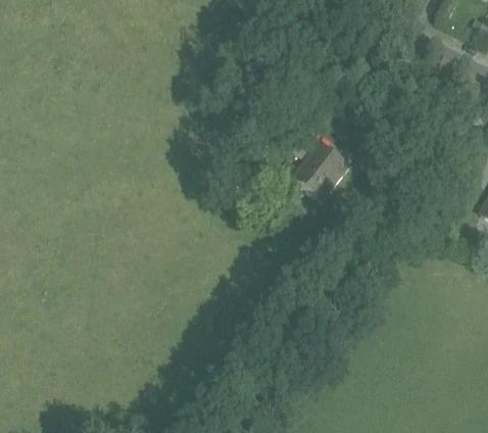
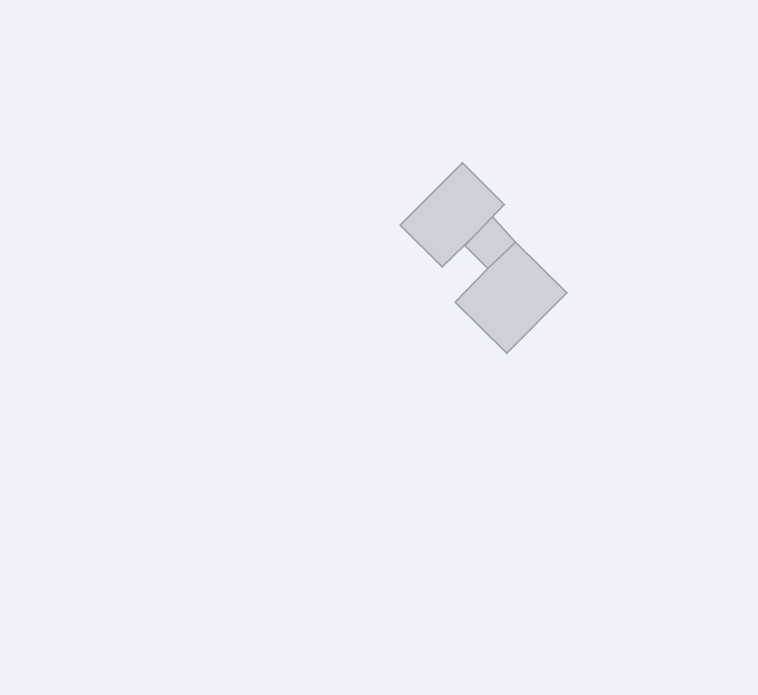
building: none -> [400,163,504,267]

